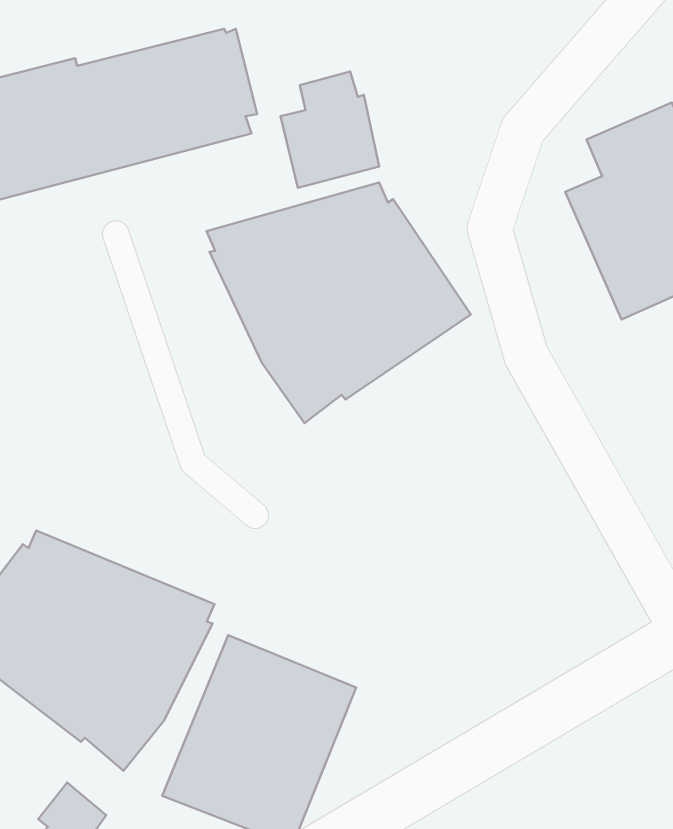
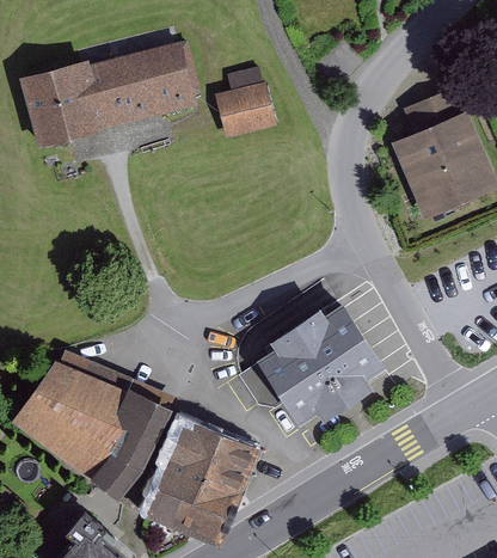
building: [206,183,471,423] -> none
building: none -> [239,302,387,427]

